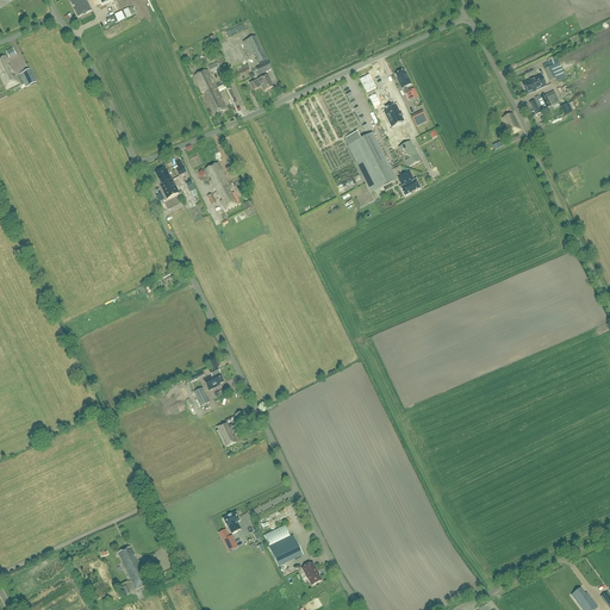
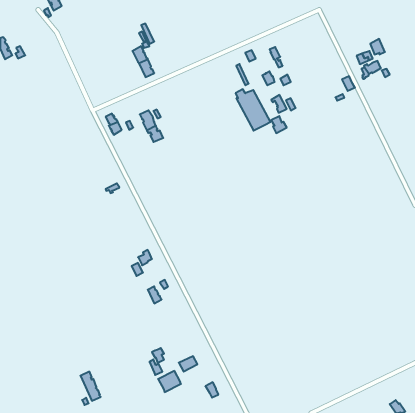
building: [243,35,273,91] -> none
building: [269,535,303,566] -> [158,371,181,392]

